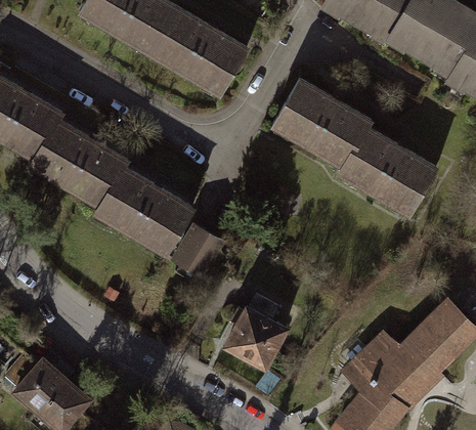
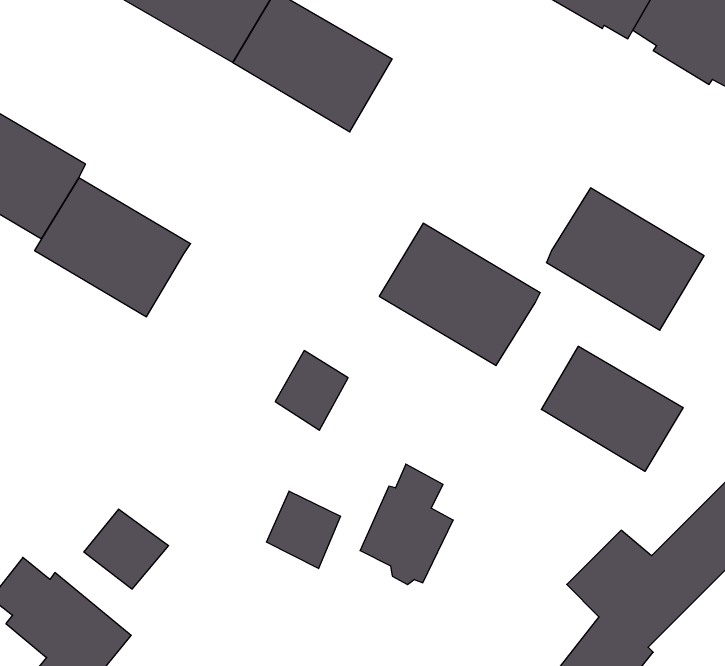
building: [272,80,370,166] -> [379,223,540,366]
building: [95,168,190,253] -> none
building: none -> [541,346,683,471]
building: none -> [266,491,340,569]
building: none -> [84,509,169,589]

